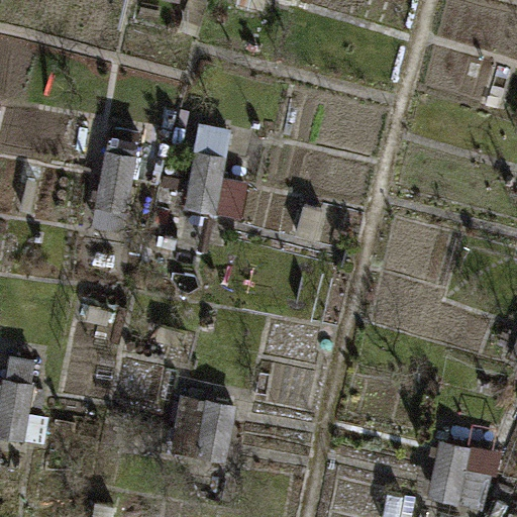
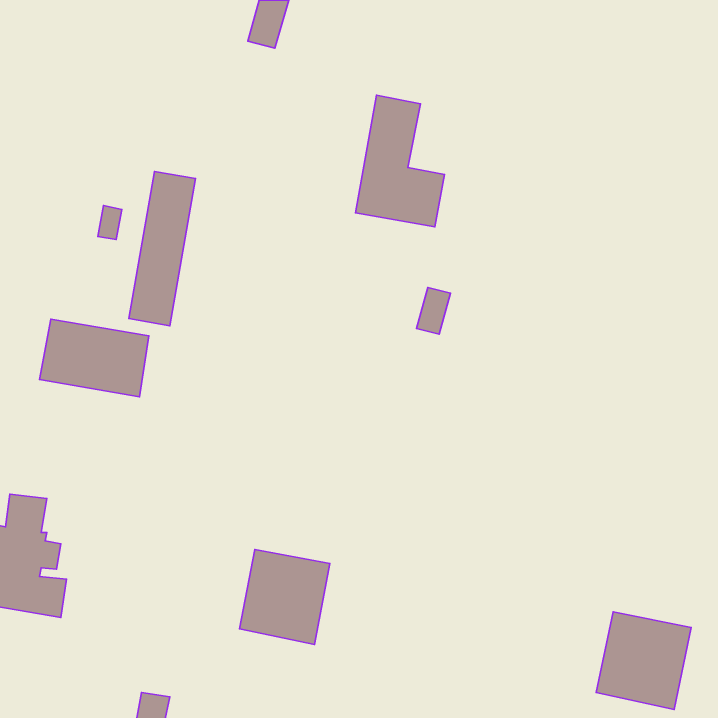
building: [184,125,247,219] -> [355,95,445,227]
building: none -> [40,319,149,397]

